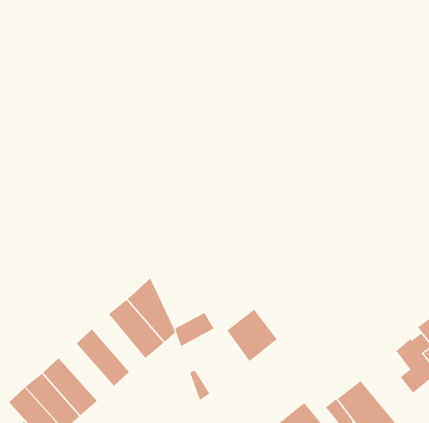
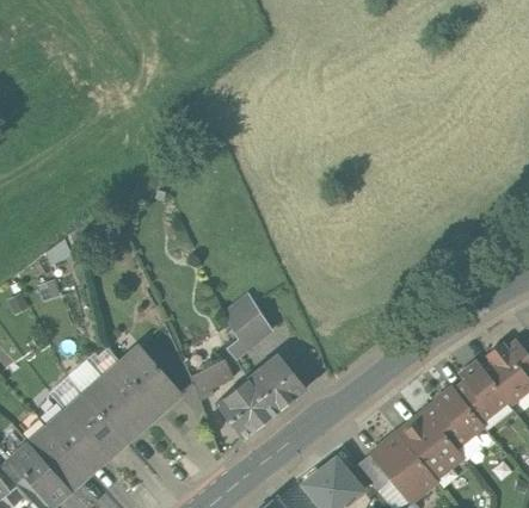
building: none -> [227,293,275,359]
building: none -> [102,361,160,425]
building: none -> [217,379,275,439]
building: none -> [64,394,125,457]
building: none -> [398,407,460,476]

